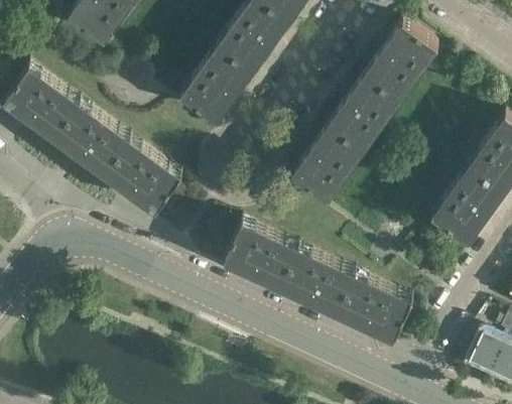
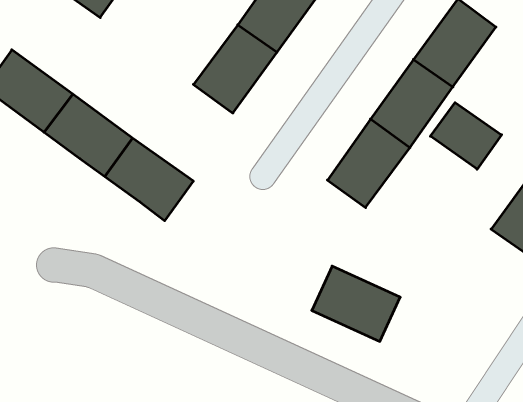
building: none -> [430,103,502,169]
building: [223,226,297,289] -> none
building: [338,278,411,342] -> none

